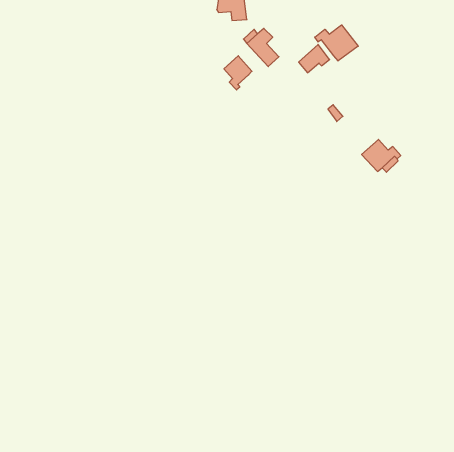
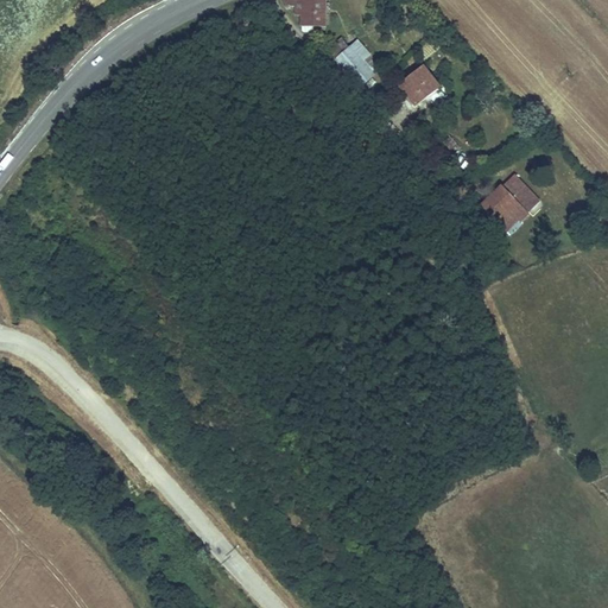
building: [315,25,358,61] -> none
building: [224,56,252,90] -> none

